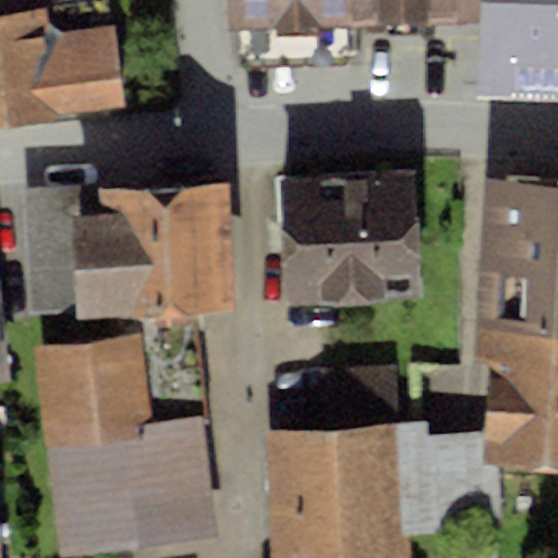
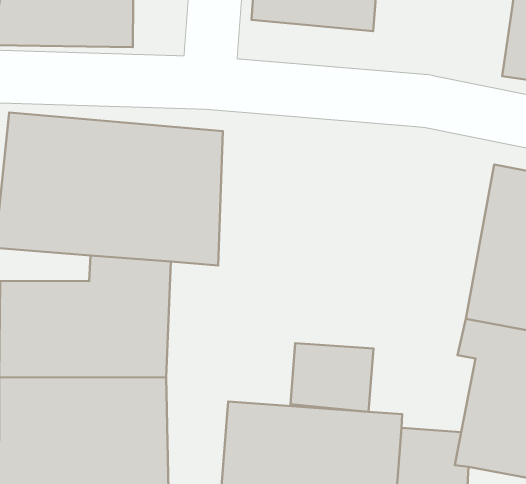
building: [279,170,422,304] -> none

